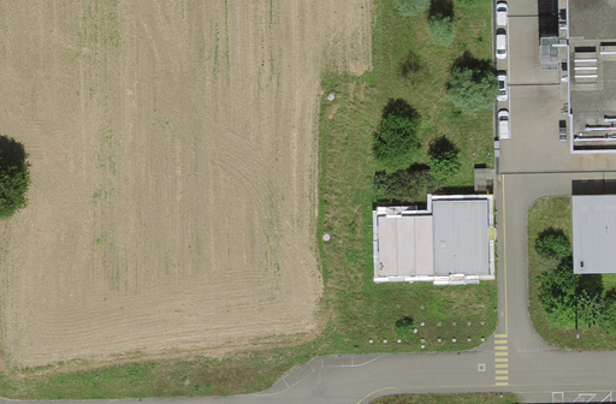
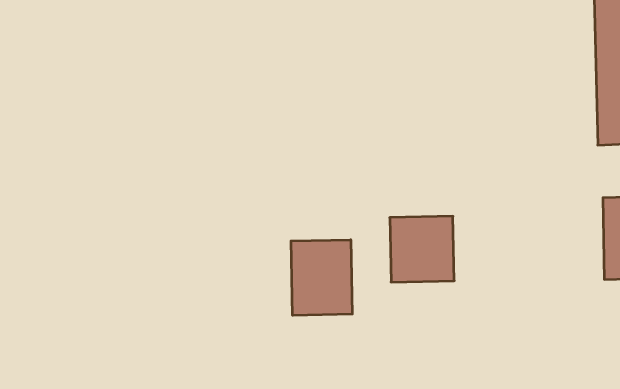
building: [438,201,488,275] -> none
building: none -> [291,240,352,315]

